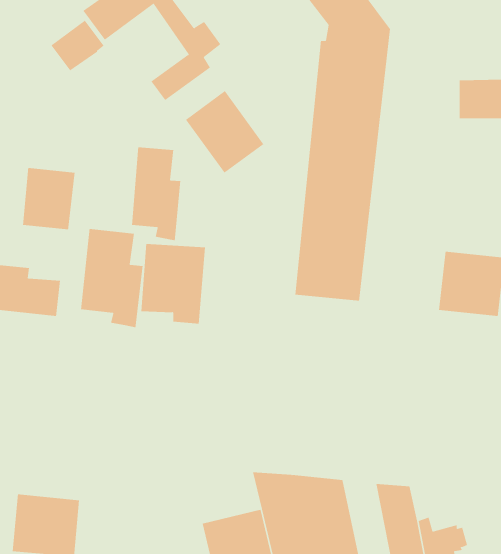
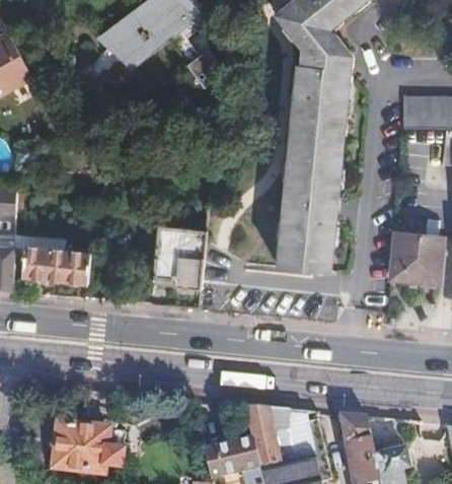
building: [185,90,264,174] -> none
building: [131,146,181,241] -> none
building: [22,167,75,230] -> none
building: [80,228,143,328] -> none

